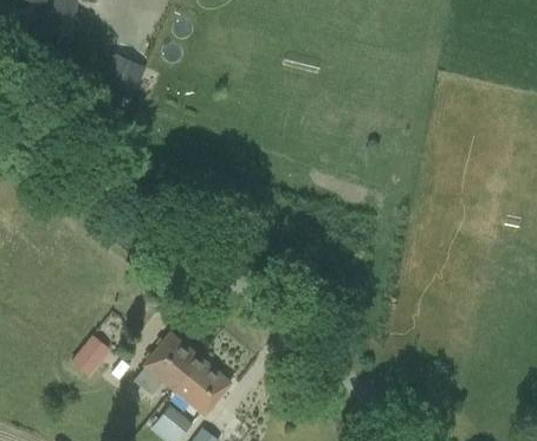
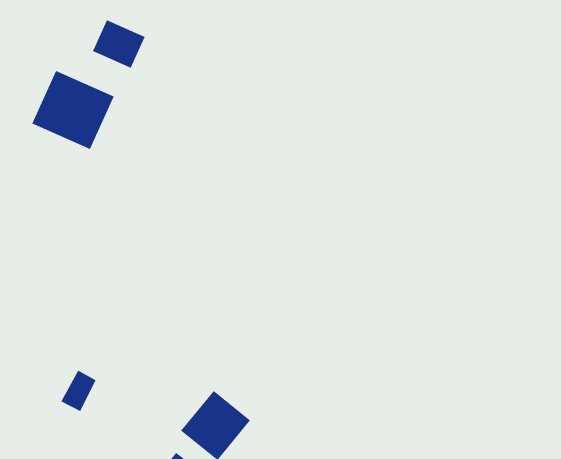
building: none -> [32,70,115,150]
building: [143,331,201,389] -> none

